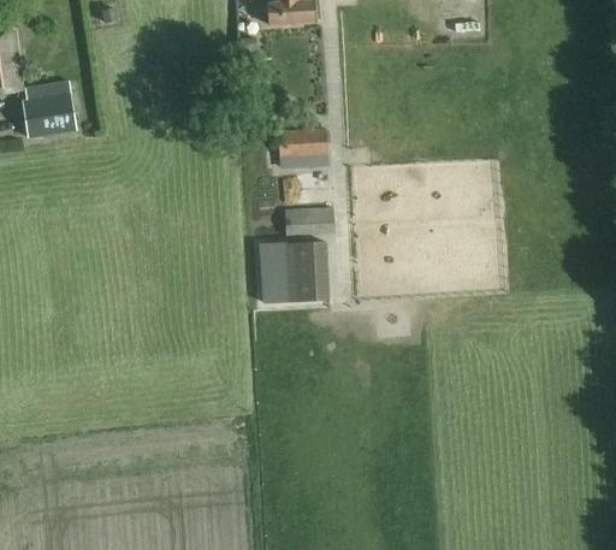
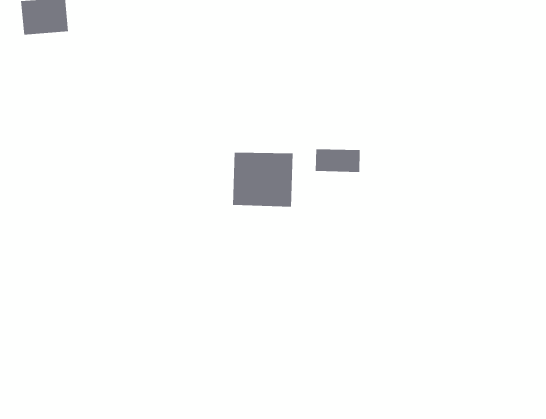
building: [277,126,328,165] -> none
building: [284,206,333,232] -> [315,149,361,172]

